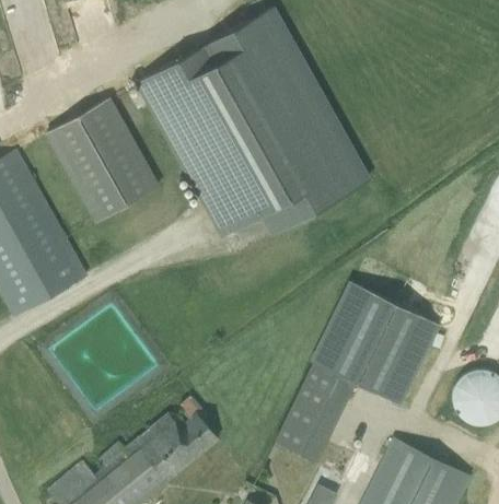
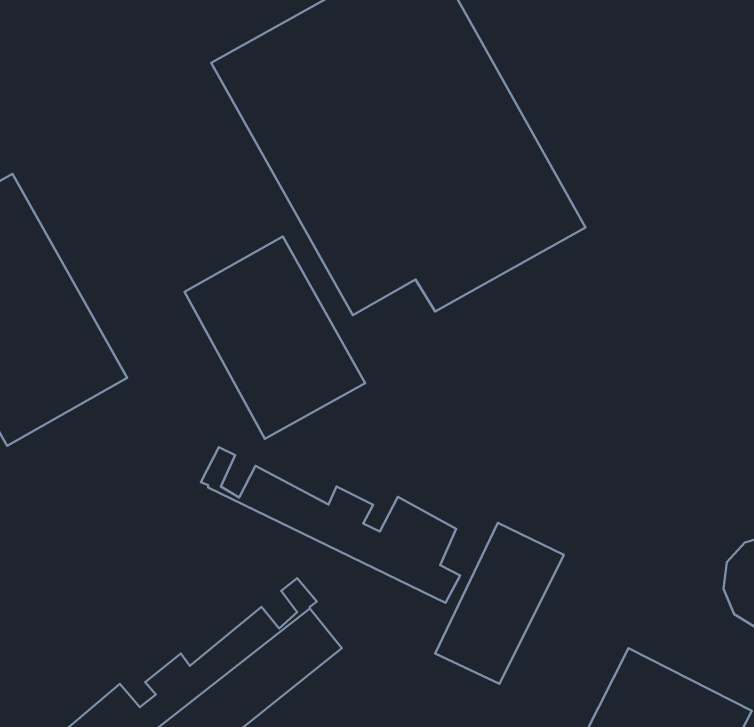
building: [48,98,159,222] -> [184,236,365,439]
building: [314,282,437,402] -> none
building: none -> [201,447,460,603]

